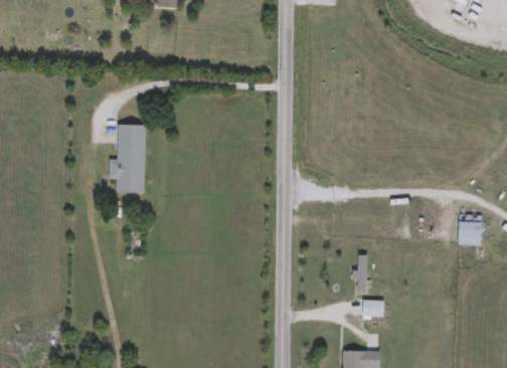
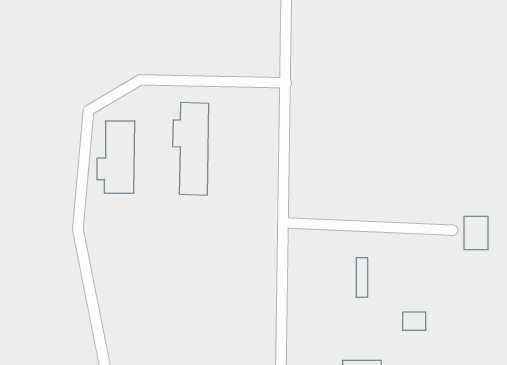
building: none -> [173,102,208,195]
building: [362,300,384,317] -> [402,312,426,330]

